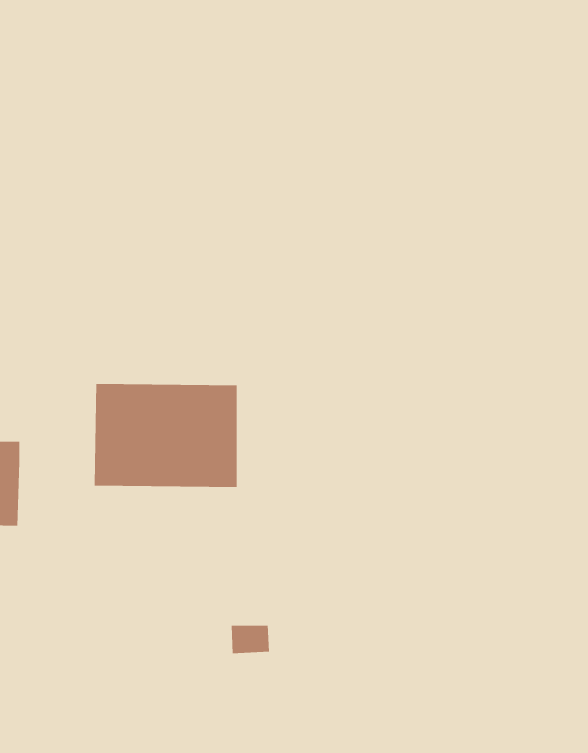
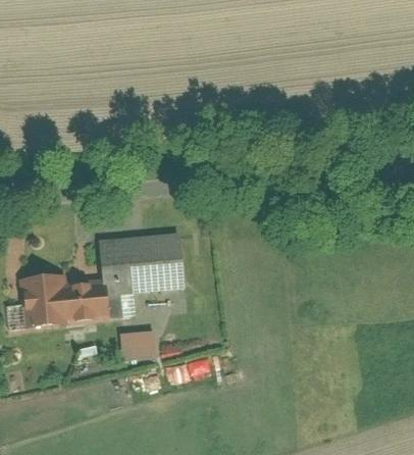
building: none -> [65,282,108,319]
building: none -> [115,332,154,361]

